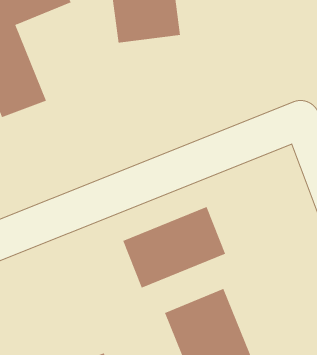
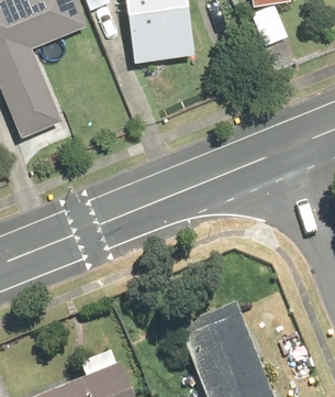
building: [122,206,226,289] -> none

